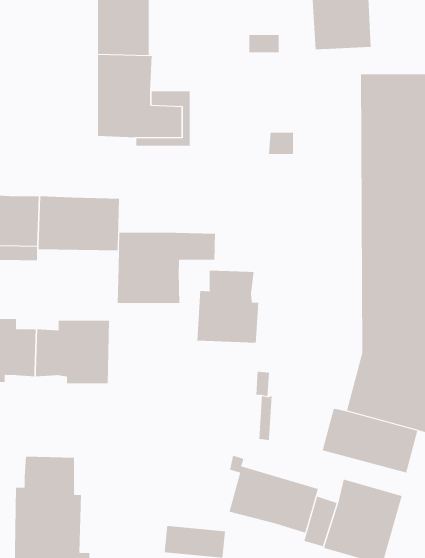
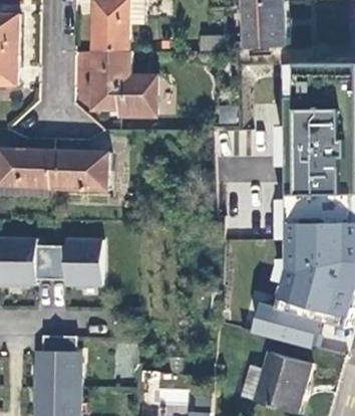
building: [117,232,216,304] -> none
building: [197,270,259,344] -> none
building: [229,455,318,533] -> none

